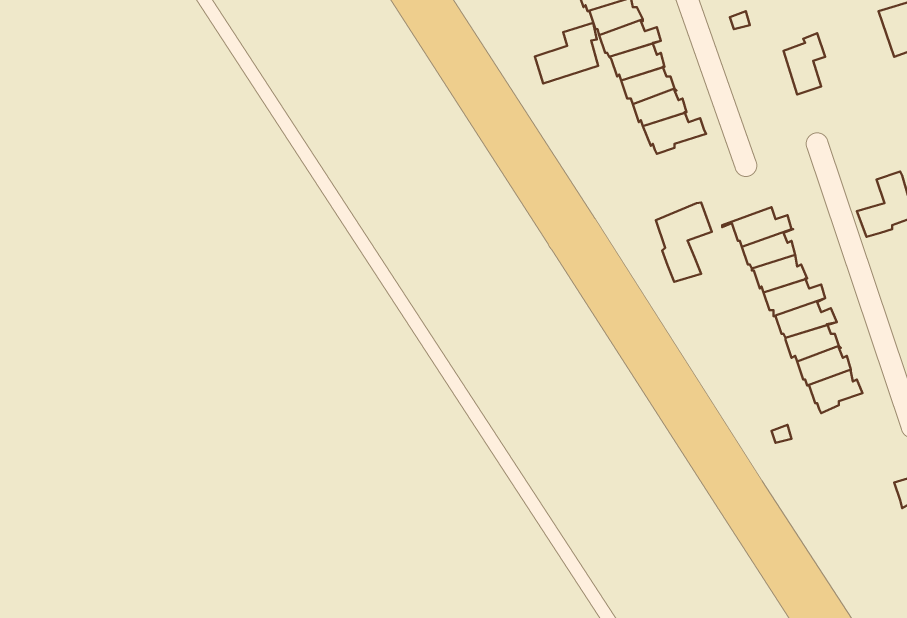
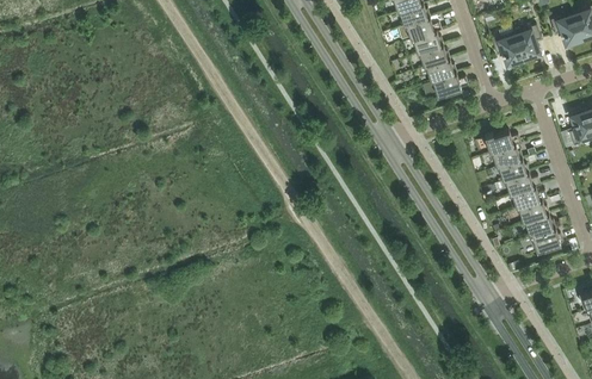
building: none -> [550,11,584,45]
building: [535,23,598,83] -> none
building: none -> [491,33,524,66]
building: [656,202,712,282] -> none

